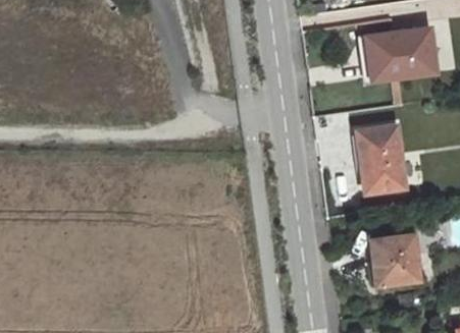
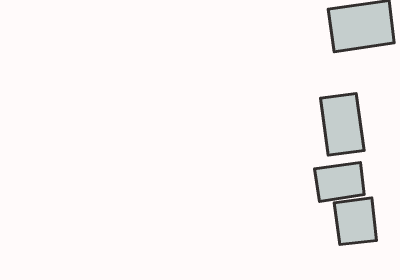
building: none -> [314,163,364,201]

